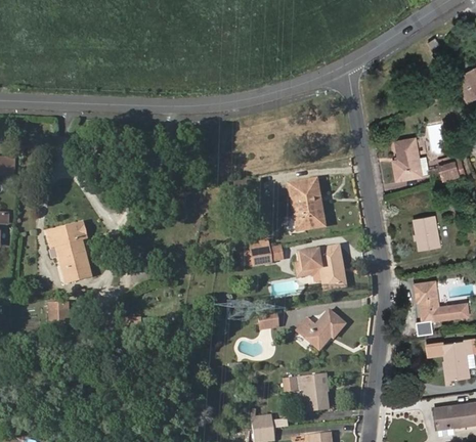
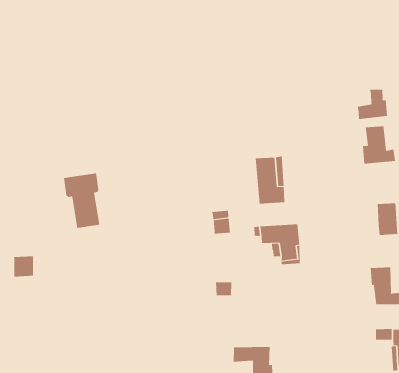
building: none -> [357,89,388,120]
building: [50,220,92,278] -> [63,173,100,229]
building: [297,311,344,349] -> none

